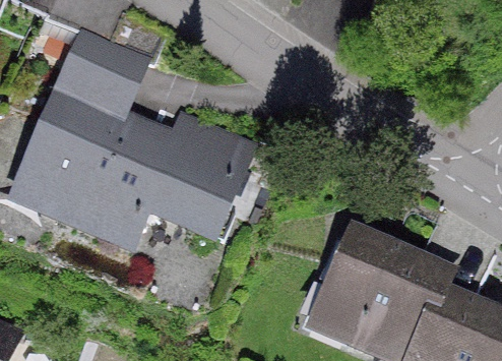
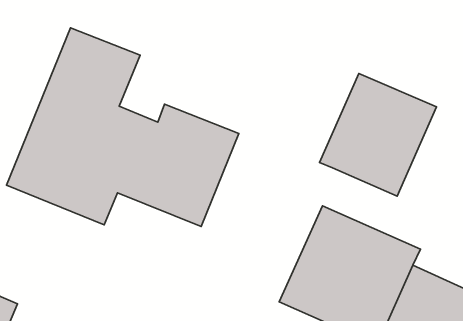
building: none -> [319,73,436,196]

